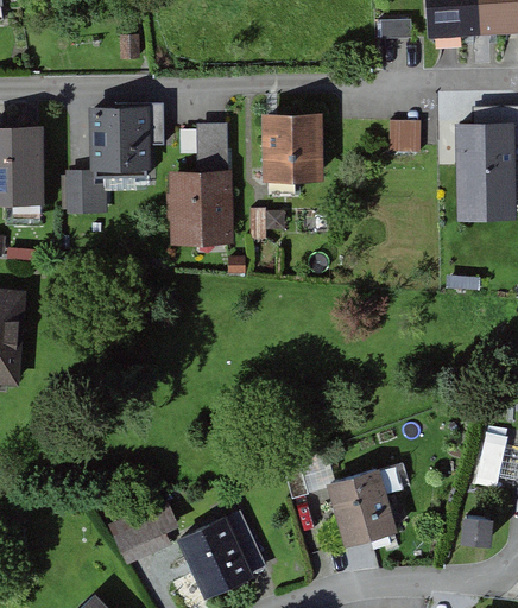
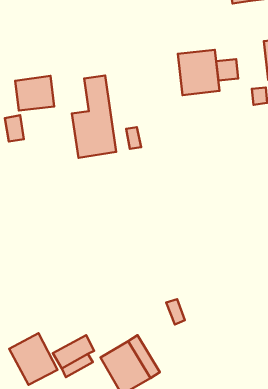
building: [265,116,321,178] -> [178,50,219,95]
building: [330,470,394,544] -> none
building: none -> [9,333,57,385]

